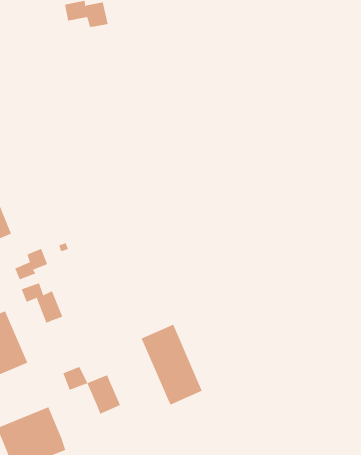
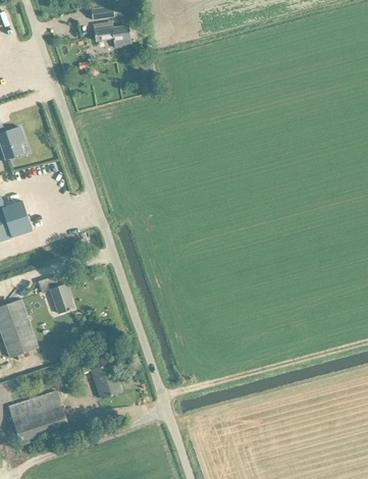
building: [14,248,48,280] -> none
building: [141,324,203,405] -> none

